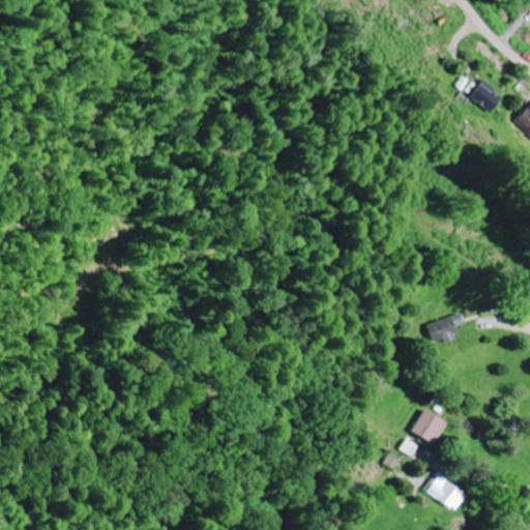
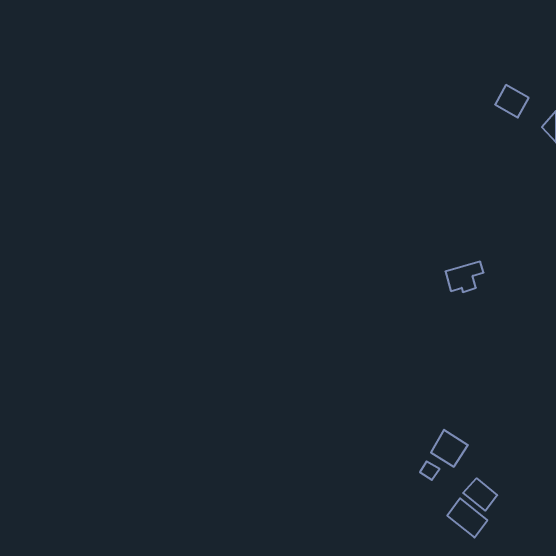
building: [430,314,466,343] -> [445,262,484,292]
building: none -> [463,478,497,511]

